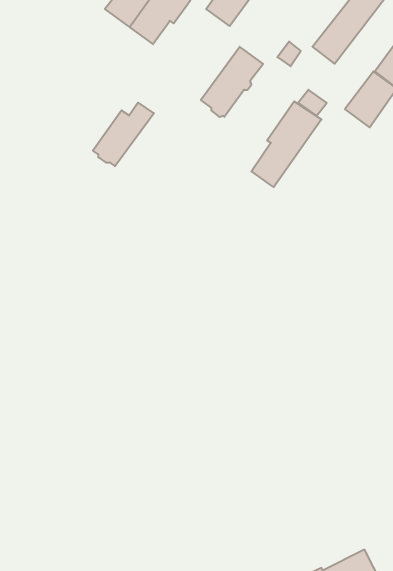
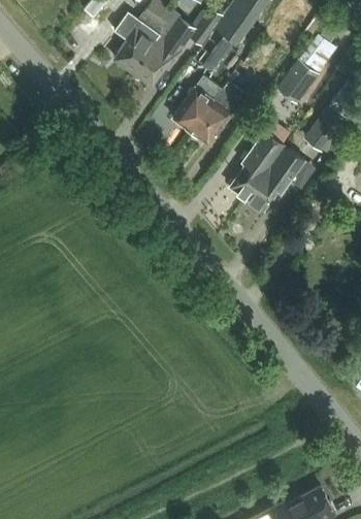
building: [93,103,154,166] -> [172,80,221,131]
building: none -> [248,148,304,212]

